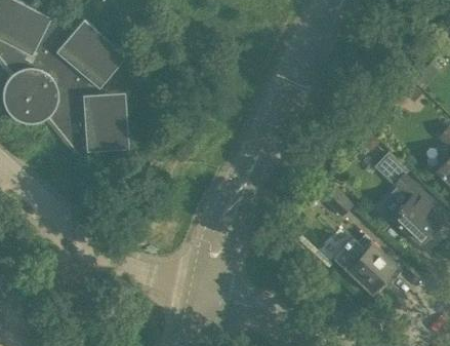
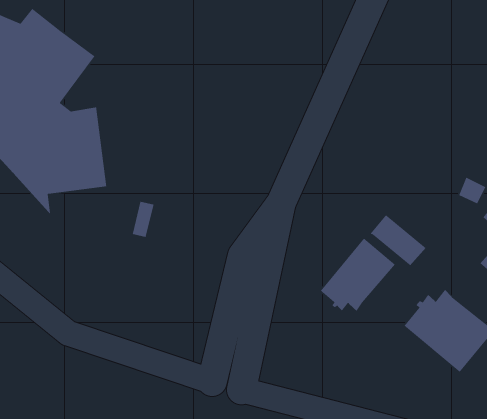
building: none -> [320,237,396,312]

